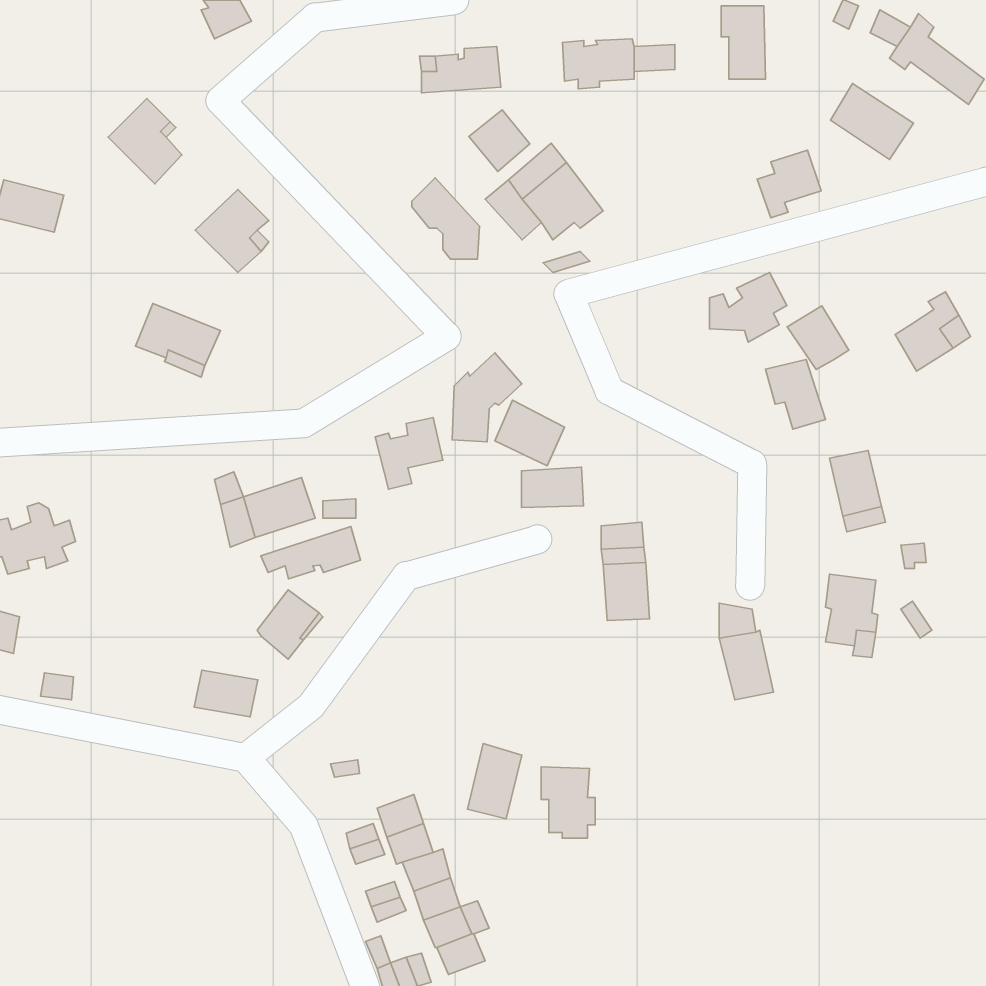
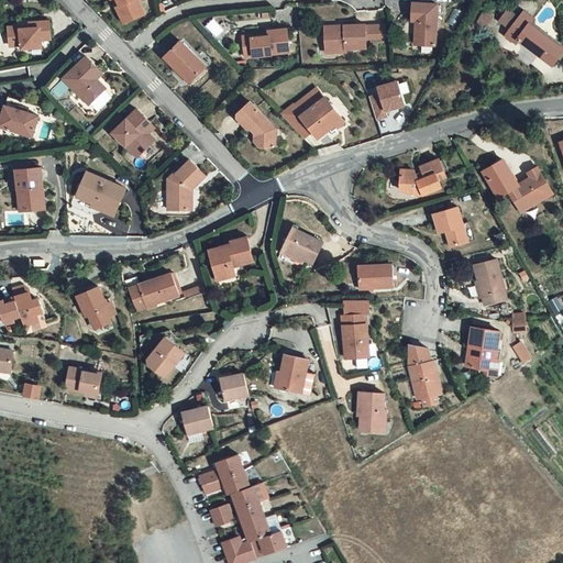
building: none -> [5,22,46,48]
building: none -> [161,42,201,85]
building: [831,84,913,159] -> none
building: [469,110,530,172] -> none
building: [757,150,821,218] -> [367,82,404,121]
building: none -> [18,169,44,213]
building: [787,306,849,369] -> [483,161,518,197]
building: [452,353,522,442] -> [163,161,202,211]
building: [522,467,583,508] -> [357,265,393,288]
building: none -> [77,288,111,328]
building: [261,527,361,579] -> none
building: none -> [220,374,246,401]
building: [194,670,258,717] -> [63,367,99,394]
building: none -> [179,406,210,433]
building: [468,743,522,819] -> [278,352,309,395]
building: [541,767,595,838] -> [355,390,386,431]

